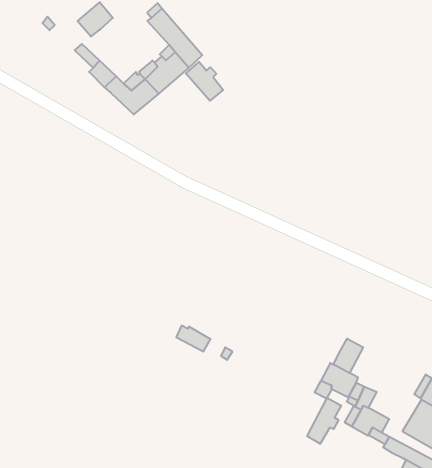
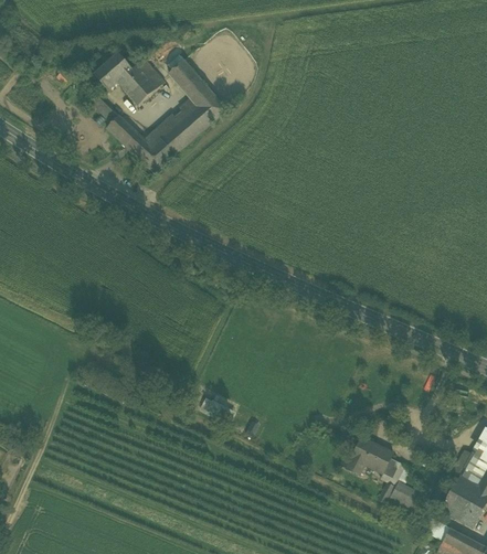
building: none -> [118,57,165,105]
building: [186,62,223,101] -> none
building: [334,339,363,373] -> none
building: [307,398,341,444] -> none

